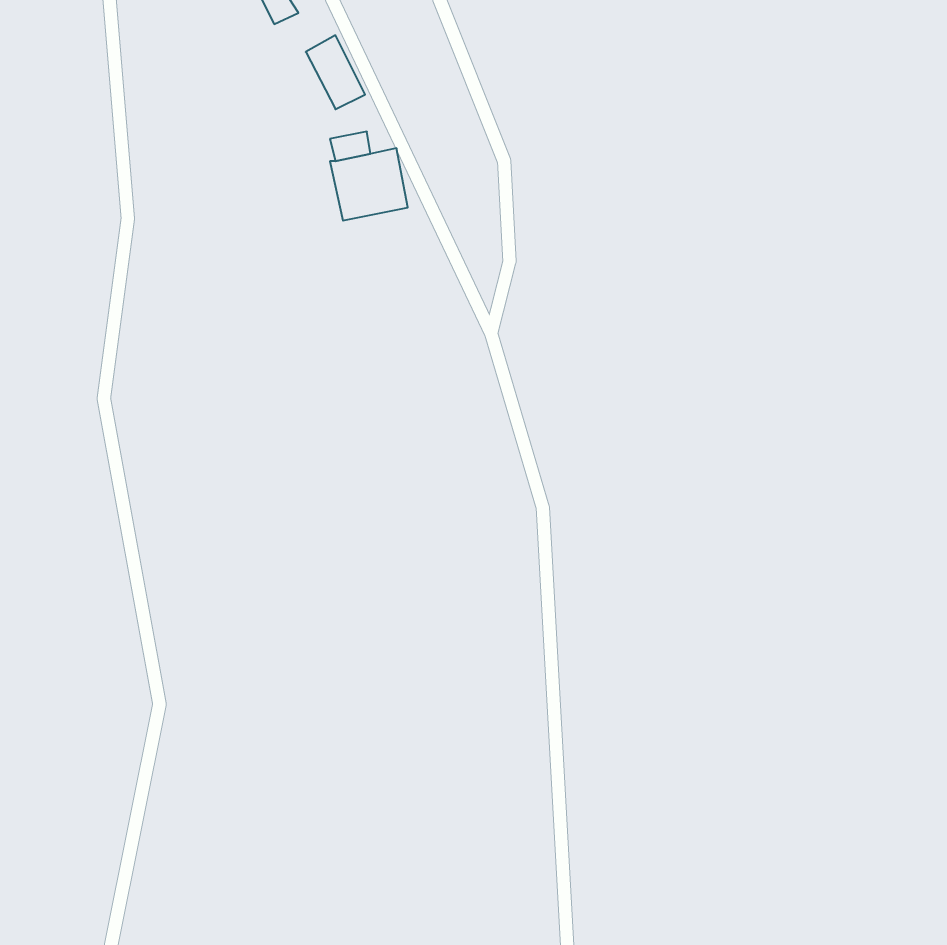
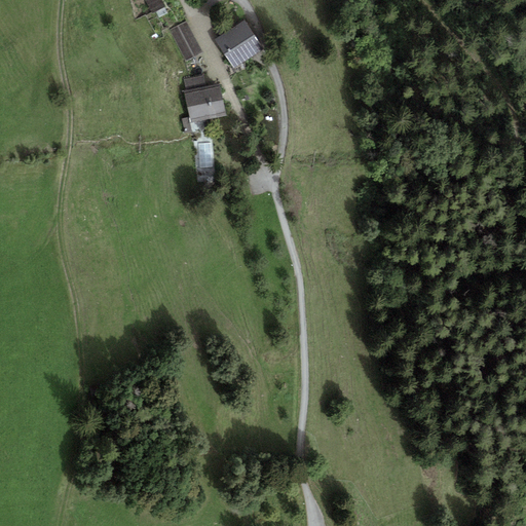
building: none -> [215,20,264,69]

